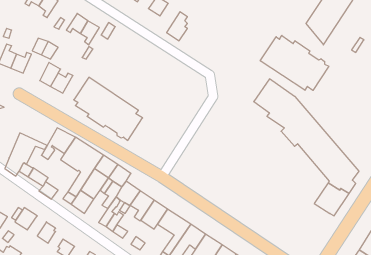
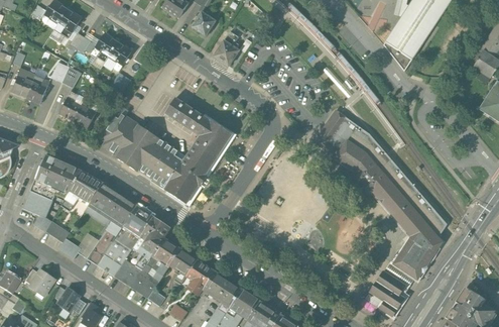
building: [260,35,329,90] -> none
building: none -> [164,97,232,204]
building: none -> [35,155,81,193]
building: none -> [114,258,142,287]
building: none -> [370,263,412,316]

